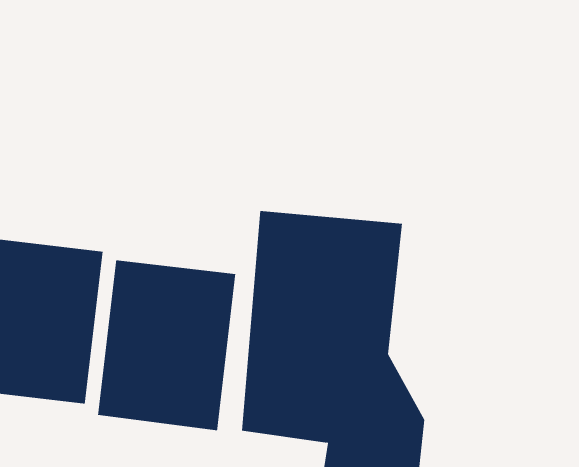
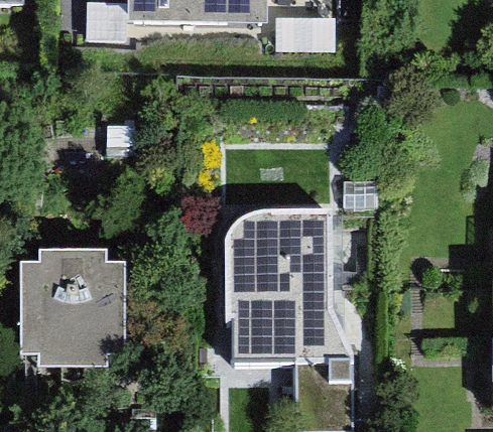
building: [98,259,236,431] -> none

